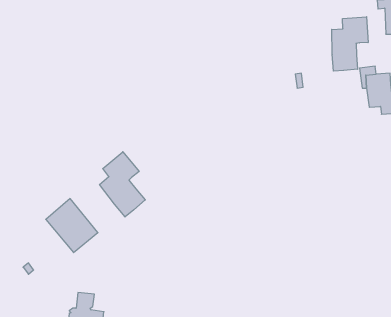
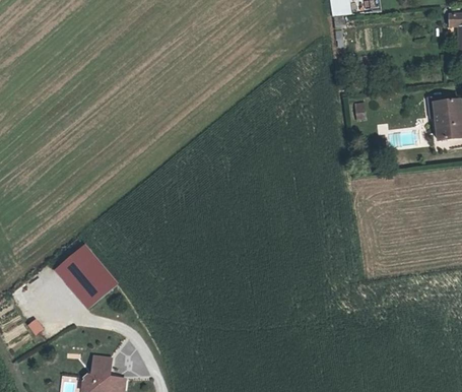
building: [332,17,368,71] -> none
building: [100,152,145,217] -> none

